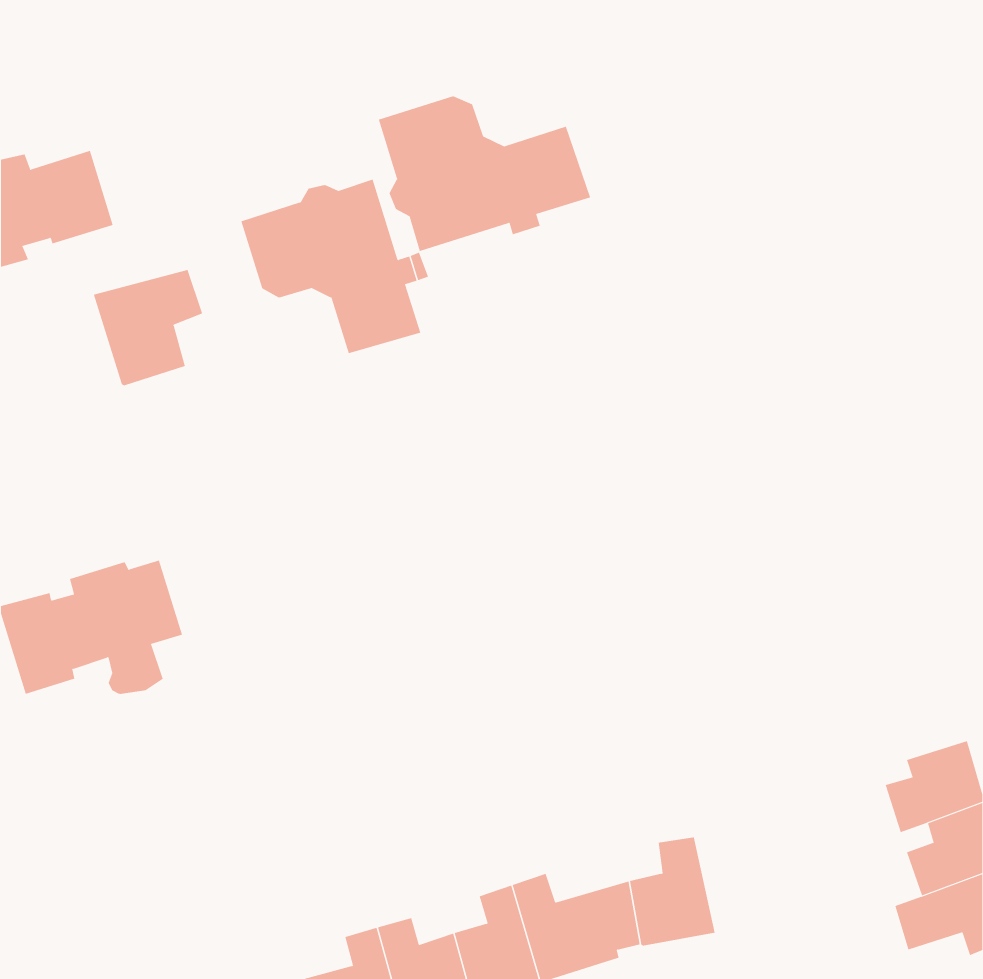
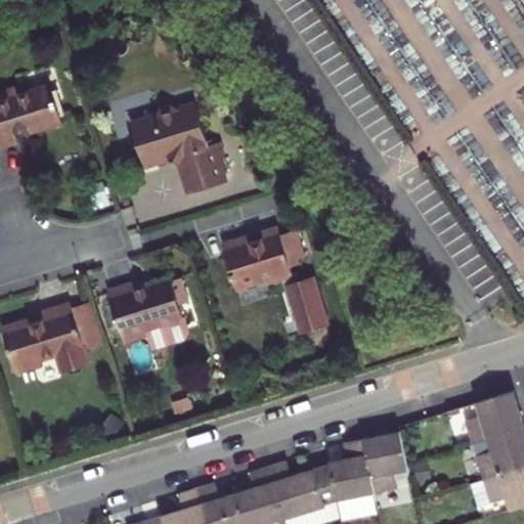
building: [378,96,591,252] -> none
building: [93,269,203,386] -> none
building: none -> [221,226,326,335]
building: none -> [103,280,178,346]
building: none -> [369,441,410,498]

